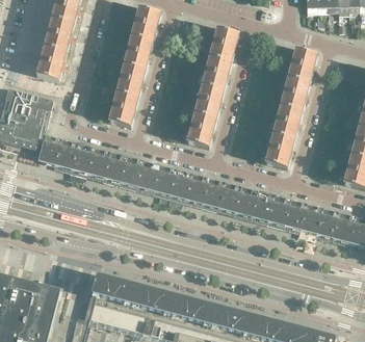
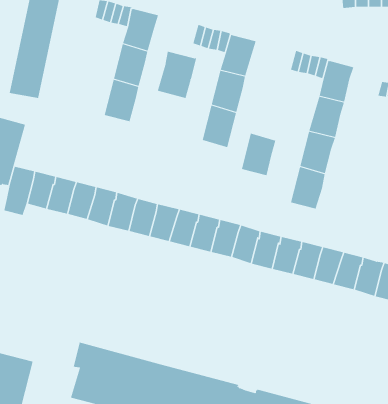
building: none -> [157,51,197,99]
building: [109,94,137,127] -> none
building: [187,113,215,148] -> [241,133,276,176]

